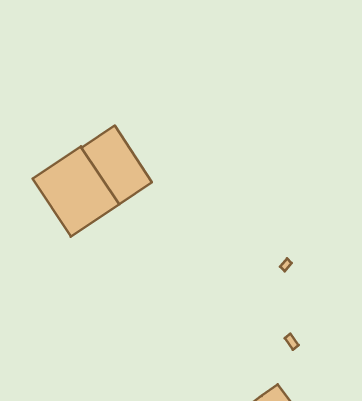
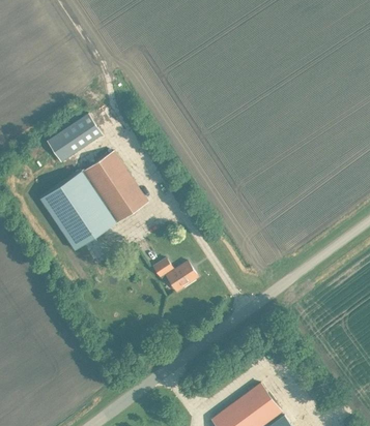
building: none -> [47,114,102,161]
building: none -> [153,257,198,291]

